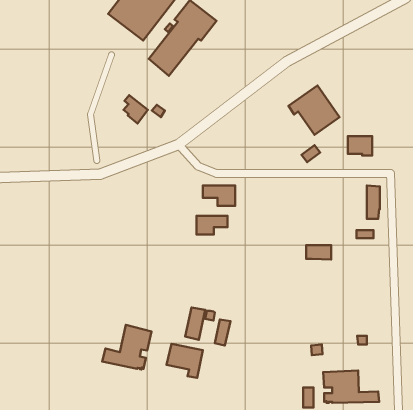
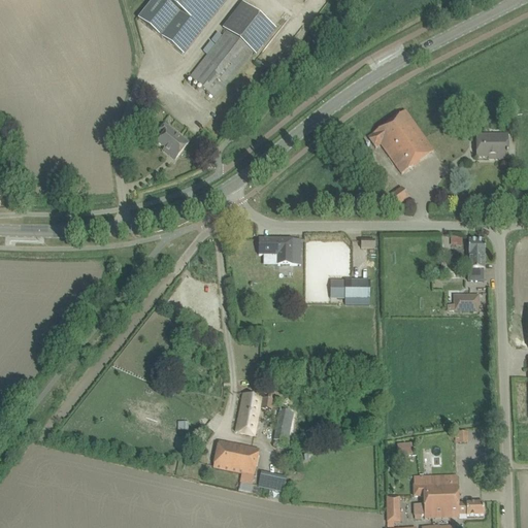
building: [348,136,372,155] -> [476,133,507,158]
building: [197,216,228,235] -> none
building: [306,245,331,260] -> [338,278,370,297]
building: [102,325,151,370] -> none
building: none -> [258,469,287,490]

